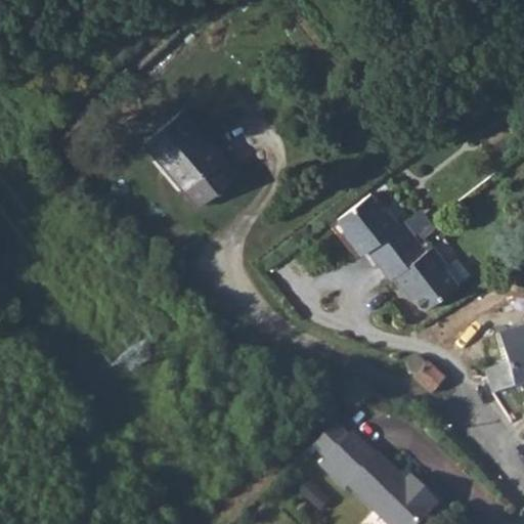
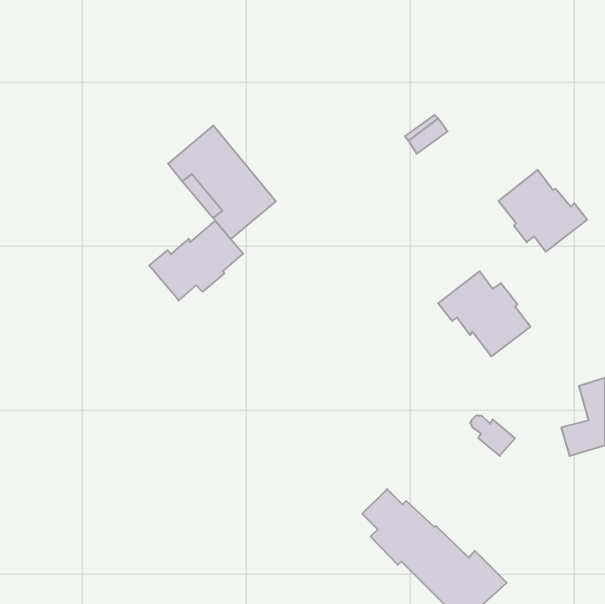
building: none -> [149,221,243,301]
building: [338,192,414,263] -> [499,170,587,252]

